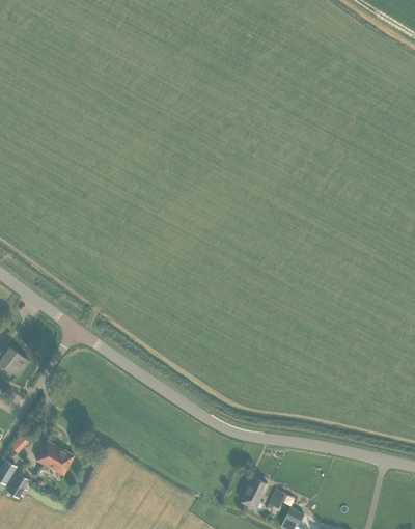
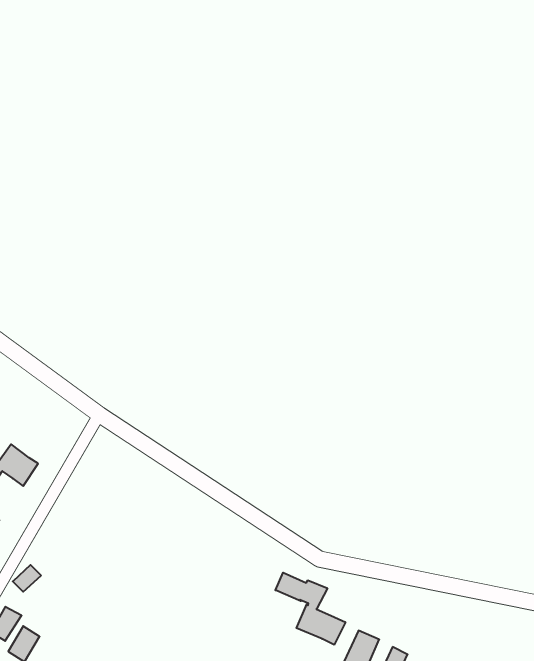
building: none -> [275,573,345,645]
building: [36,440,74,474] -> none

